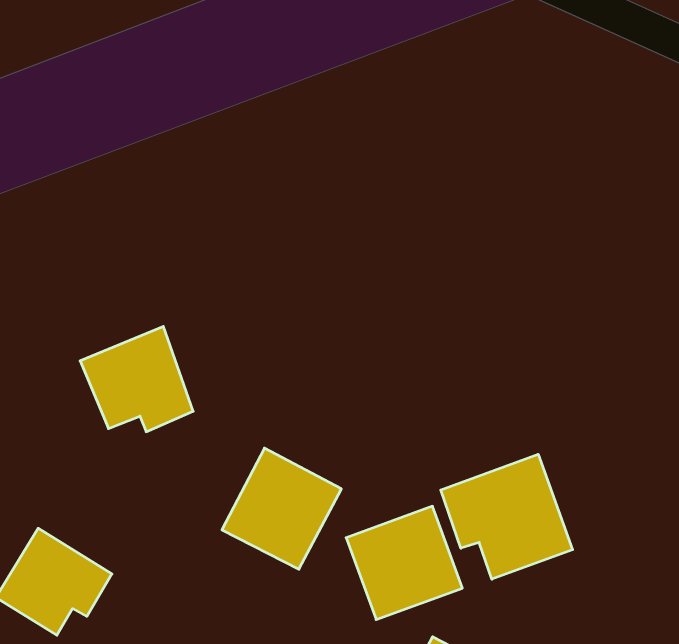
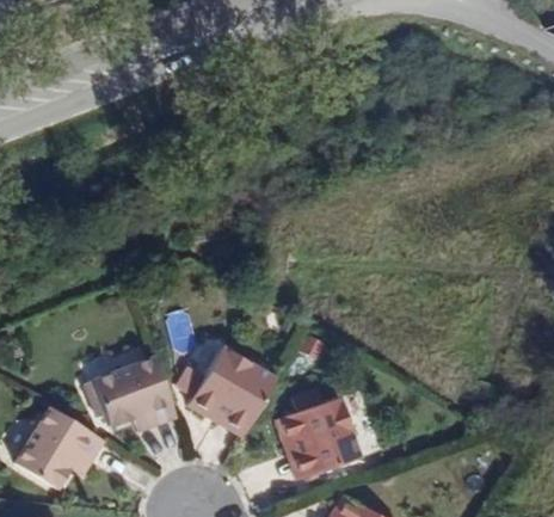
building: [80,326,193,432] -> [82,355,168,435]
building: [441,454,573,579] -> none

